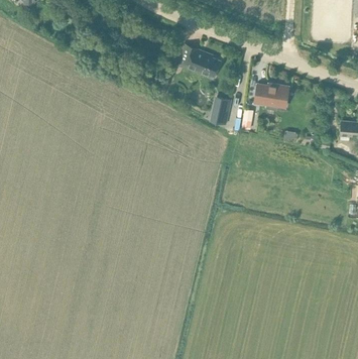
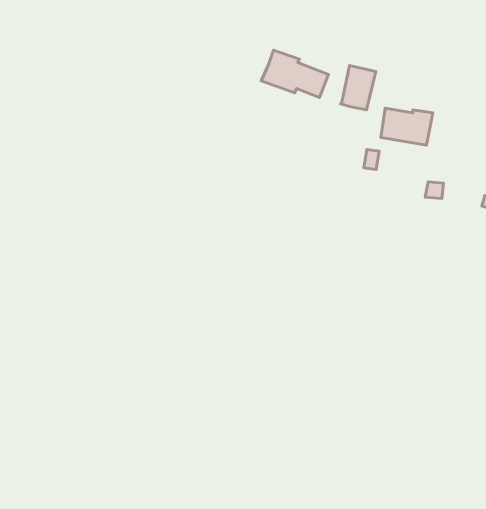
building: [209,97,232,126] -> [340,65,376,110]

